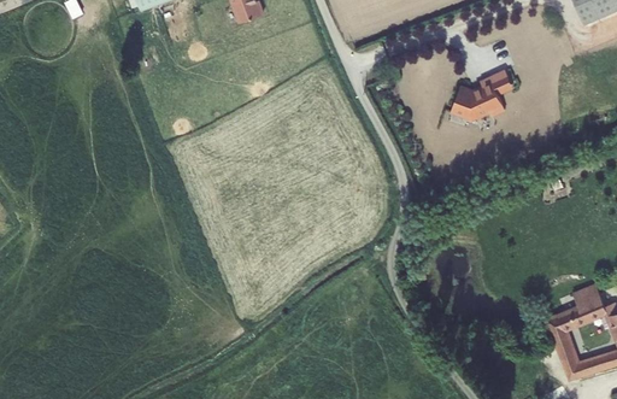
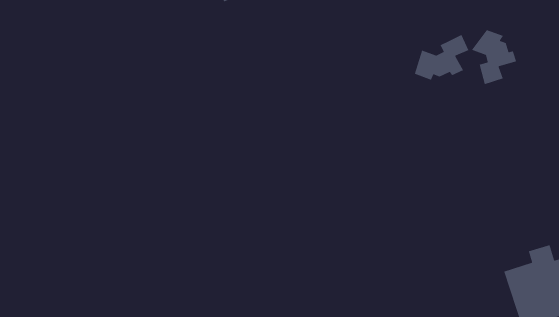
building: none -> [471,29,517,85]

